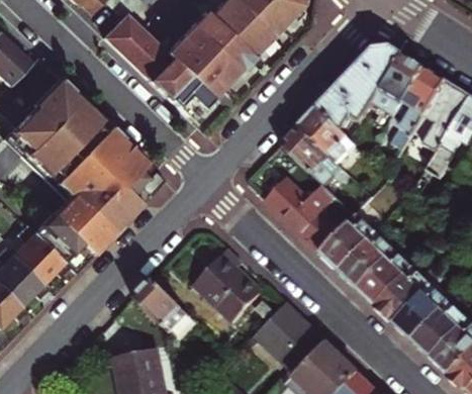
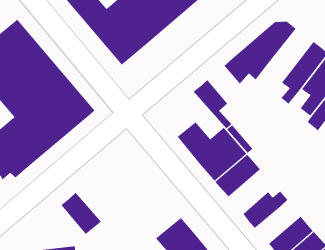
building: [372,55,424,116] -> none
building: [299,109,357,166] -> none
building: [340,231,395,289] -> none
building: [192,243,259,317] -> none
building: [376,273,436,322] -> none

